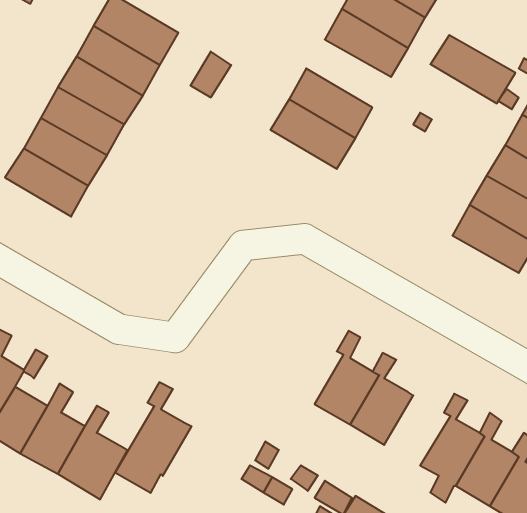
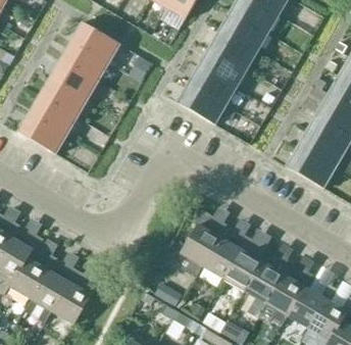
building: [430,35,515,103] -> [198,47,249,88]
building: none -> [245,246,285,302]
building: [115,382,192,493] -> [174,209,220,276]

